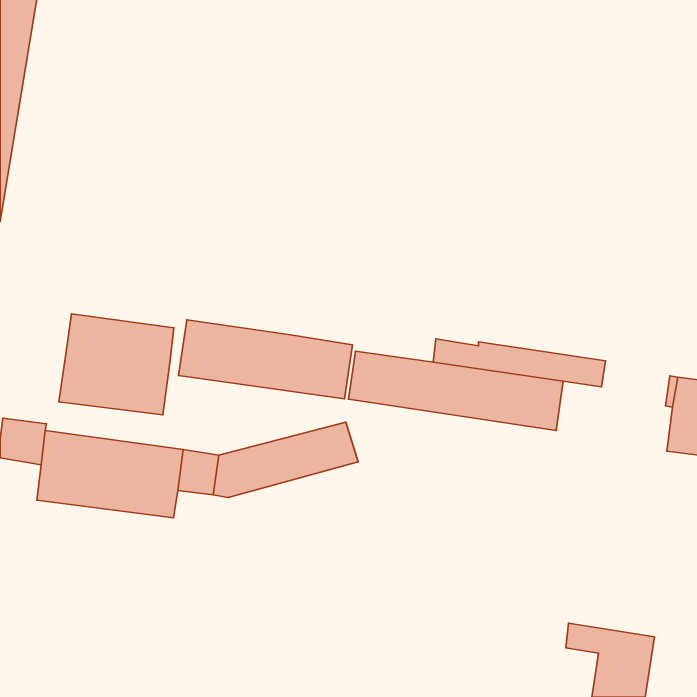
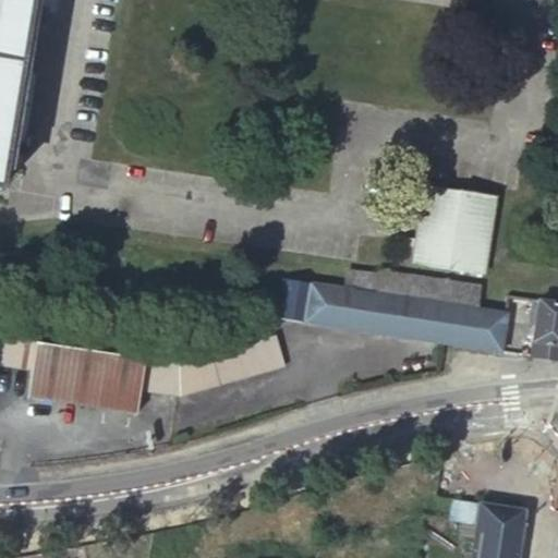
building: none -> [417,184,498,274]
building: [59,314,174,415] -> none
building: [178,320,353,399] -> none
building: none -> [445,304,508,352]

